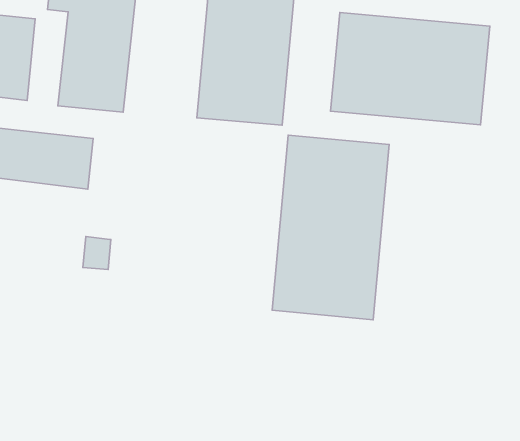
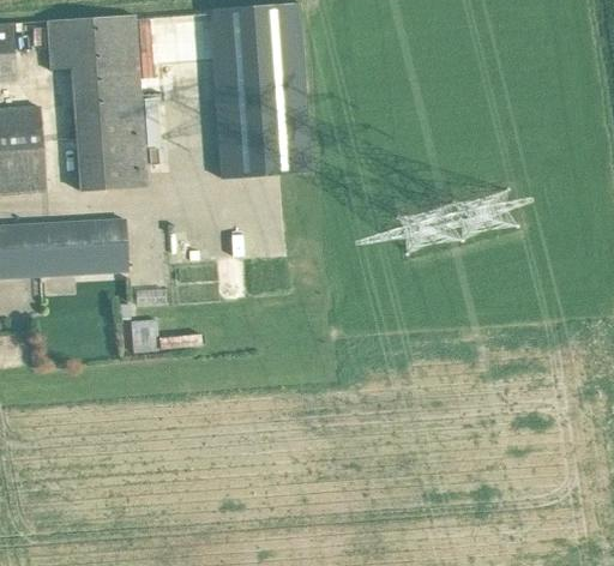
building: [331,12,490,125] -> none
building: [272,135,389,320] -> none

